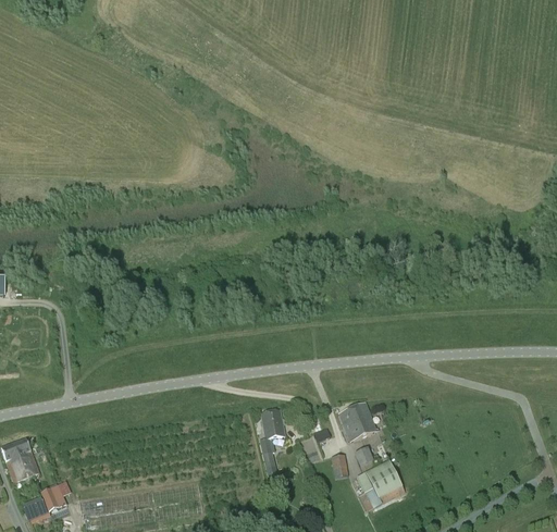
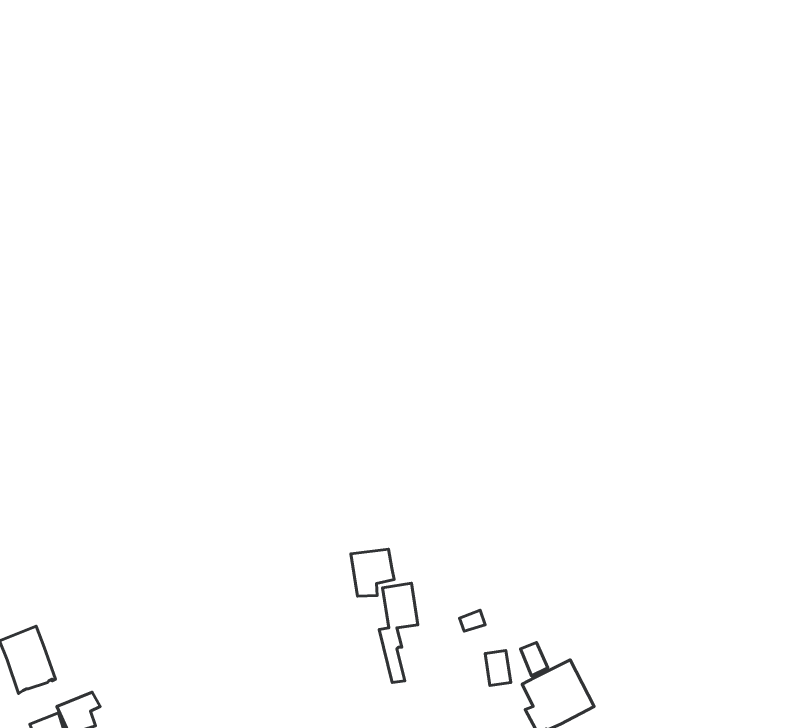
building: none -> [351,549,394,596]
building: [338,403,376,441] -> none

